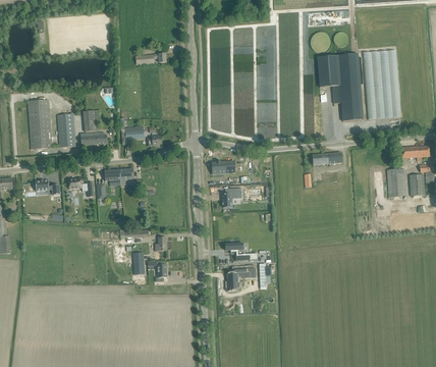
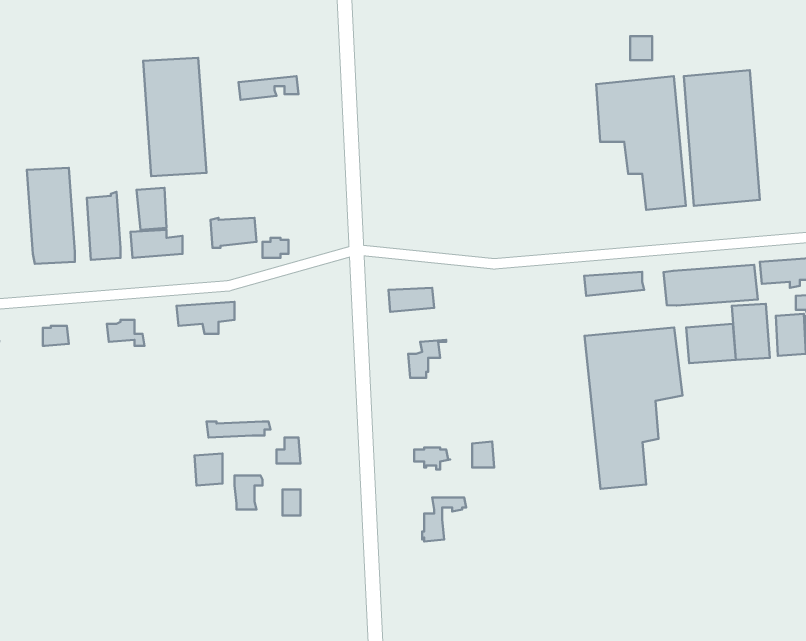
building: none -> [143,58,207,176]
building: none -> [663,265,758,306]
building: none -> [686,324,736,363]
building: none -> [585,328,683,489]

